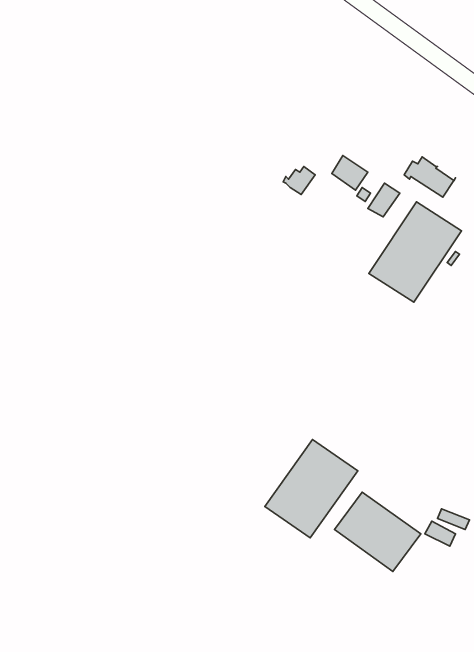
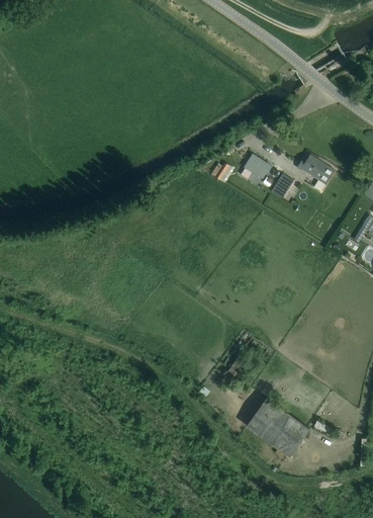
building: [369,202,461,302] -> none
building: [265,440,358,538] -> none

